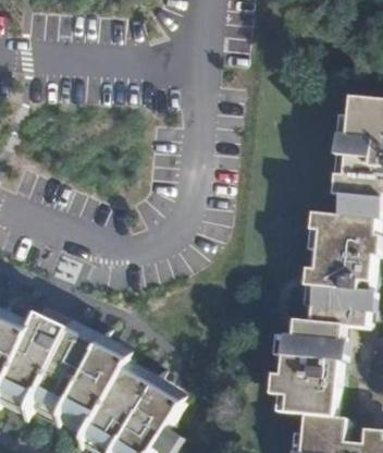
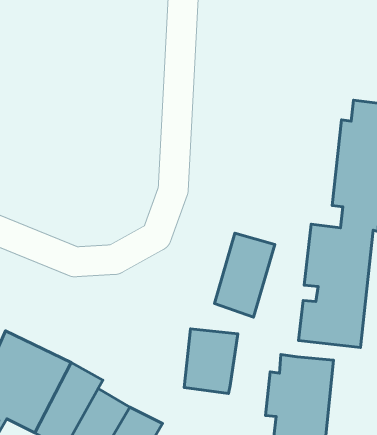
building: none -> [214,233,275,317]
building: none -> [184,329,238,393]

